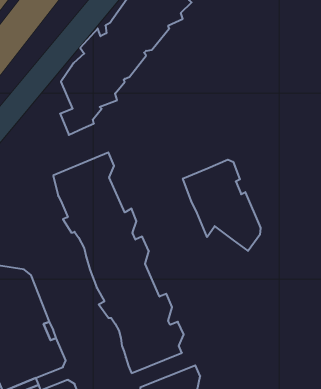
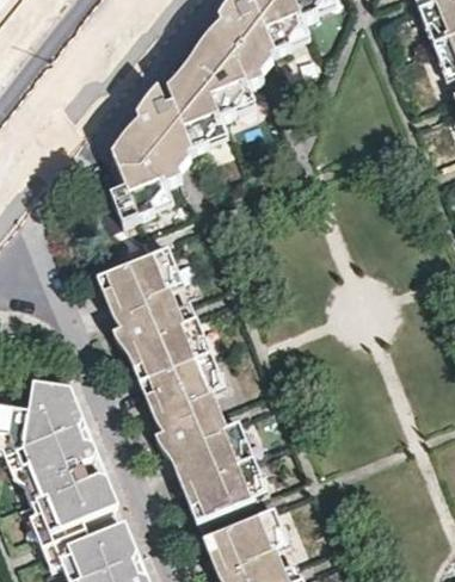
building: [183,160,260,251] -> none

